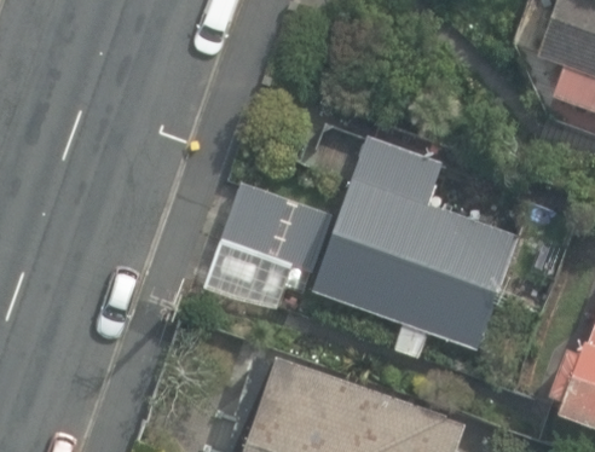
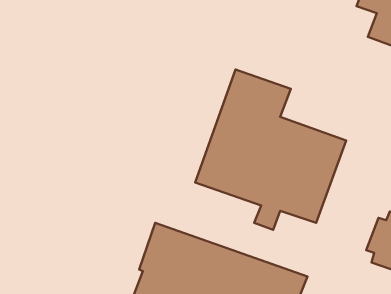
building: [204,181,335,309] -> none

